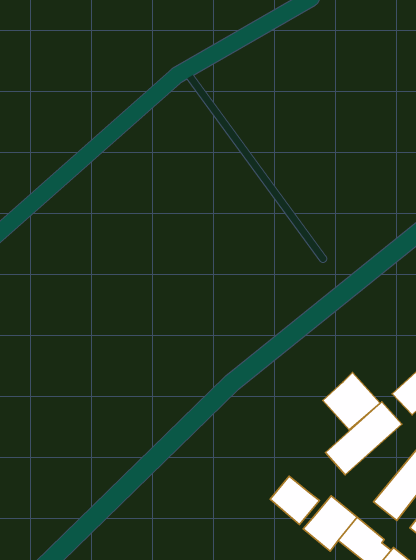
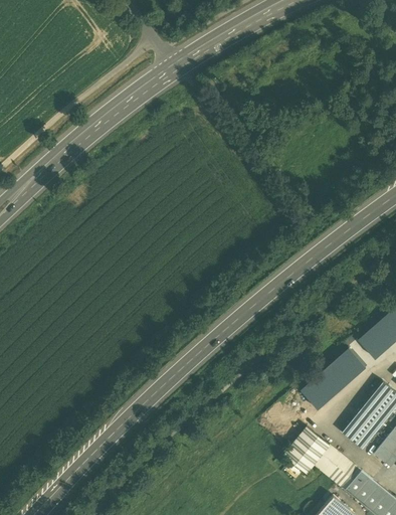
building: [323,373,380,430] -> none
building: [270,476,320,525] -> none

